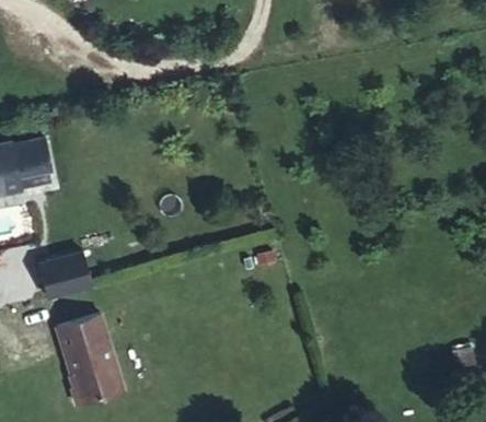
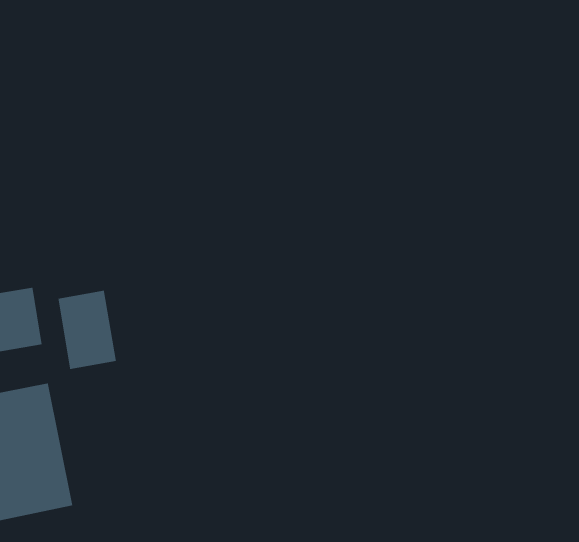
building: none -> [58,290,116,370]

